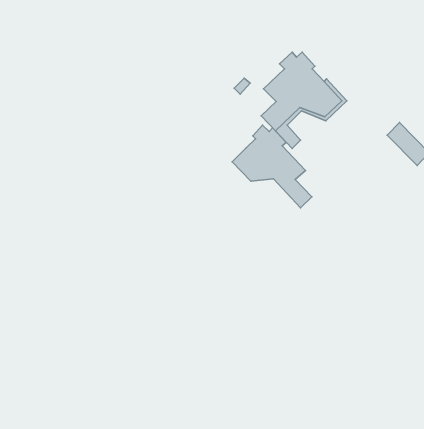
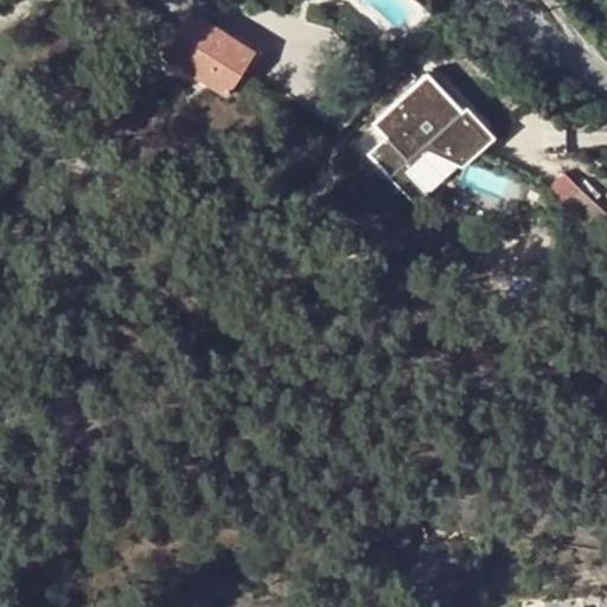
building: none -> [170,11,262,96]
building: [232,125,312,208] -> none

